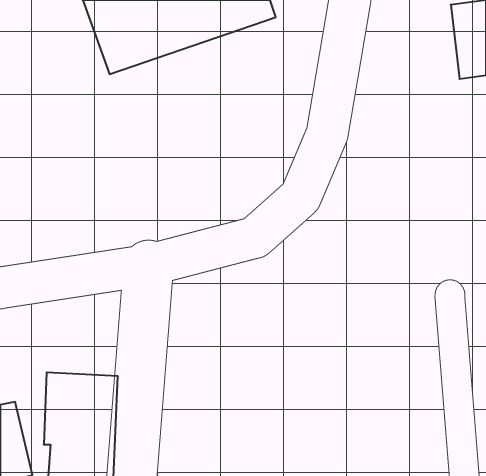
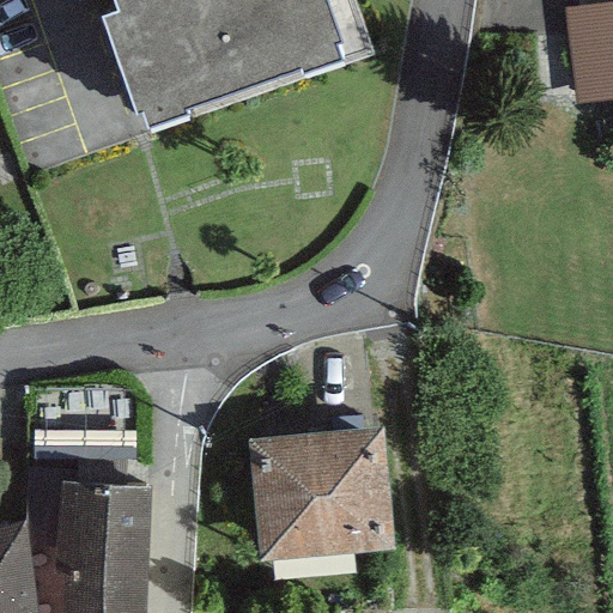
building: none -> [248,427,392,560]

